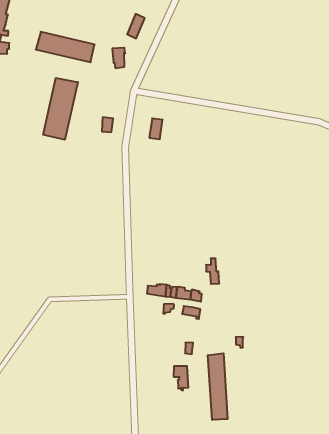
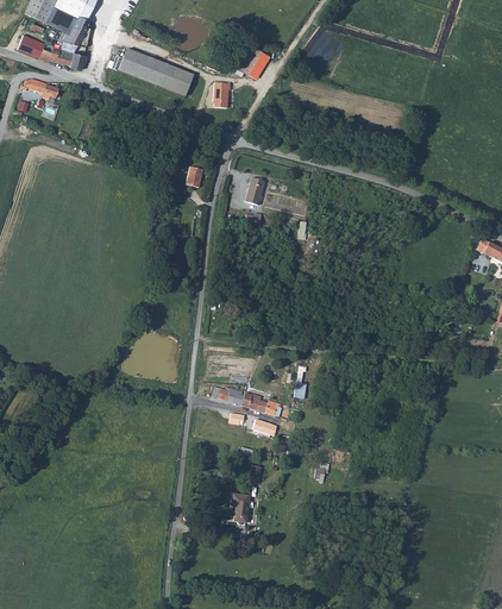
building: [43,78,78,140] -> none
building: [208,353,228,420] -> none

